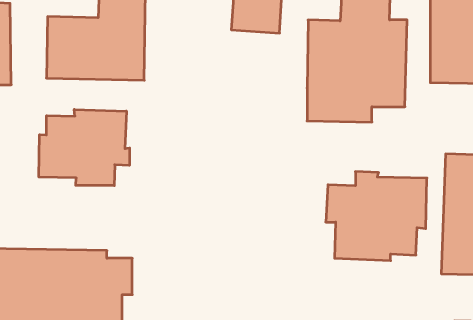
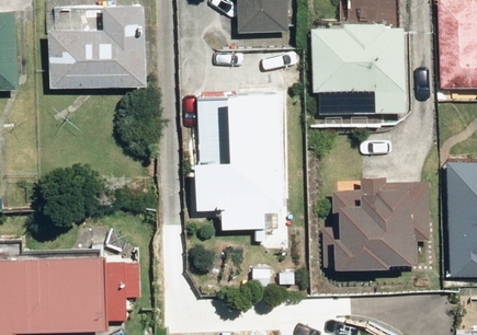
building: none -> [190,86,283,234]
building: [39,109,130,186] -> none

